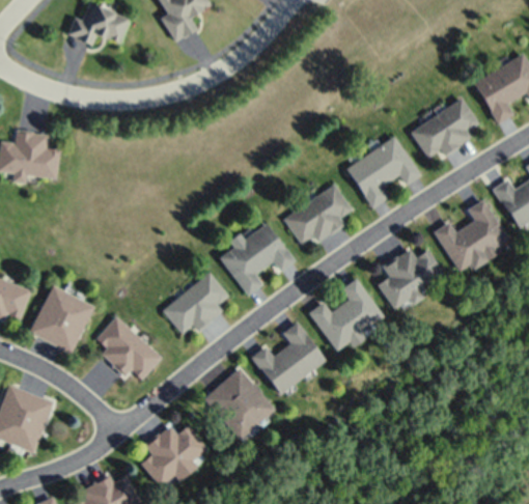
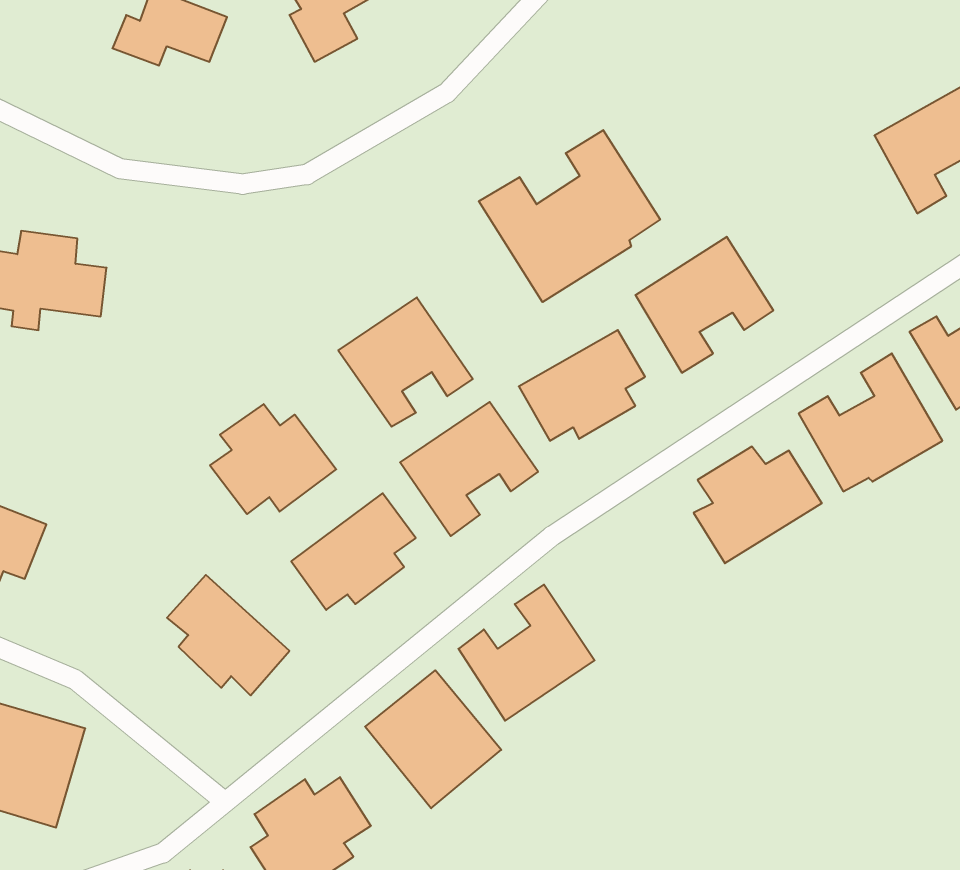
building: none -> [479,130,660,302]
building: [410,99,476,158] -> none
building: none -> [338,297,473,427]
building: none -> [210,404,336,514]
building: [308,277,383,349] -> none
building: [29,285,94,354] -> none

